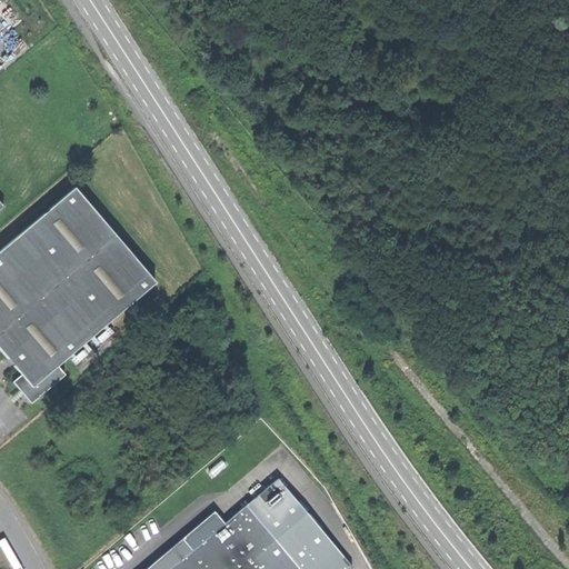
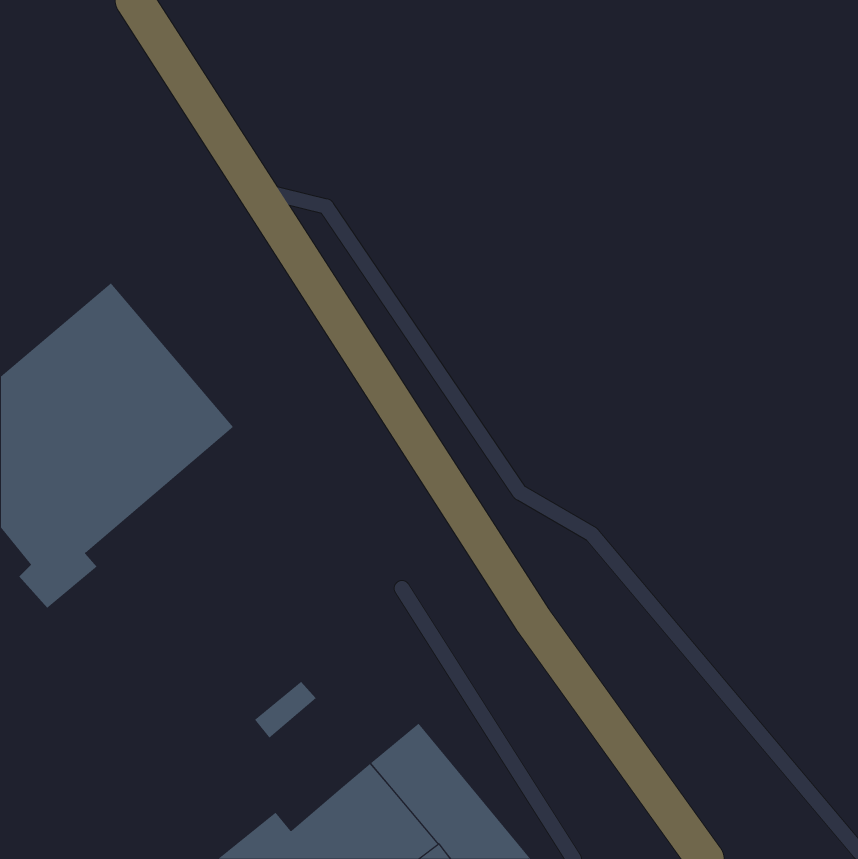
building: [183,511,224,549] -> [254,681,316,738]

